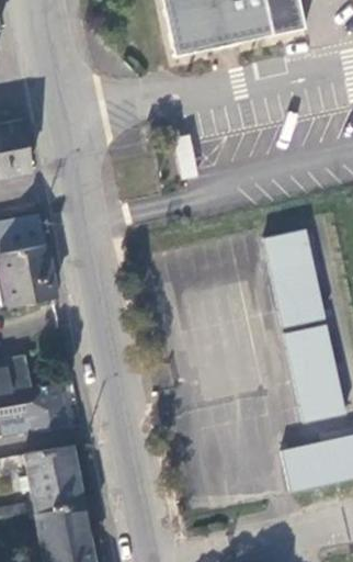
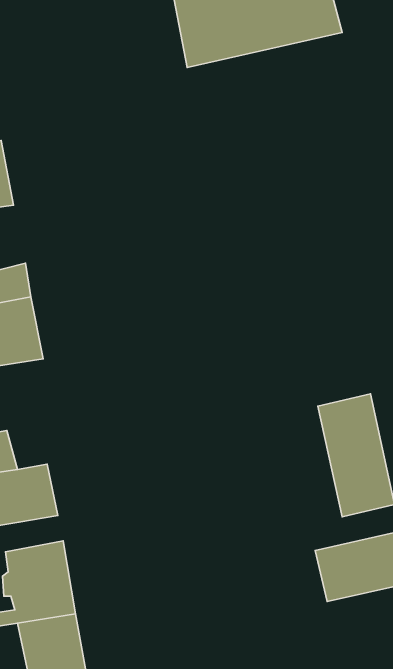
building: [261,232,323,330] -> none

